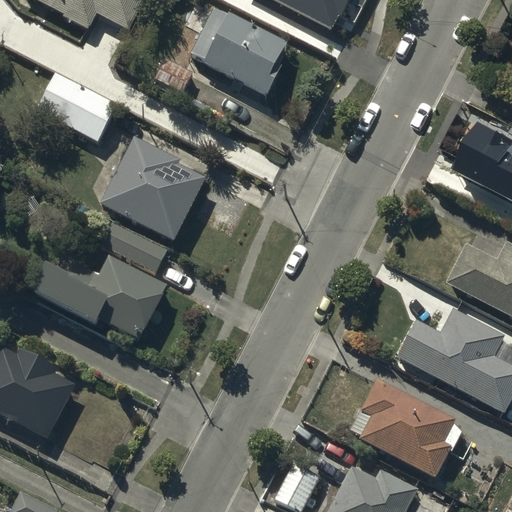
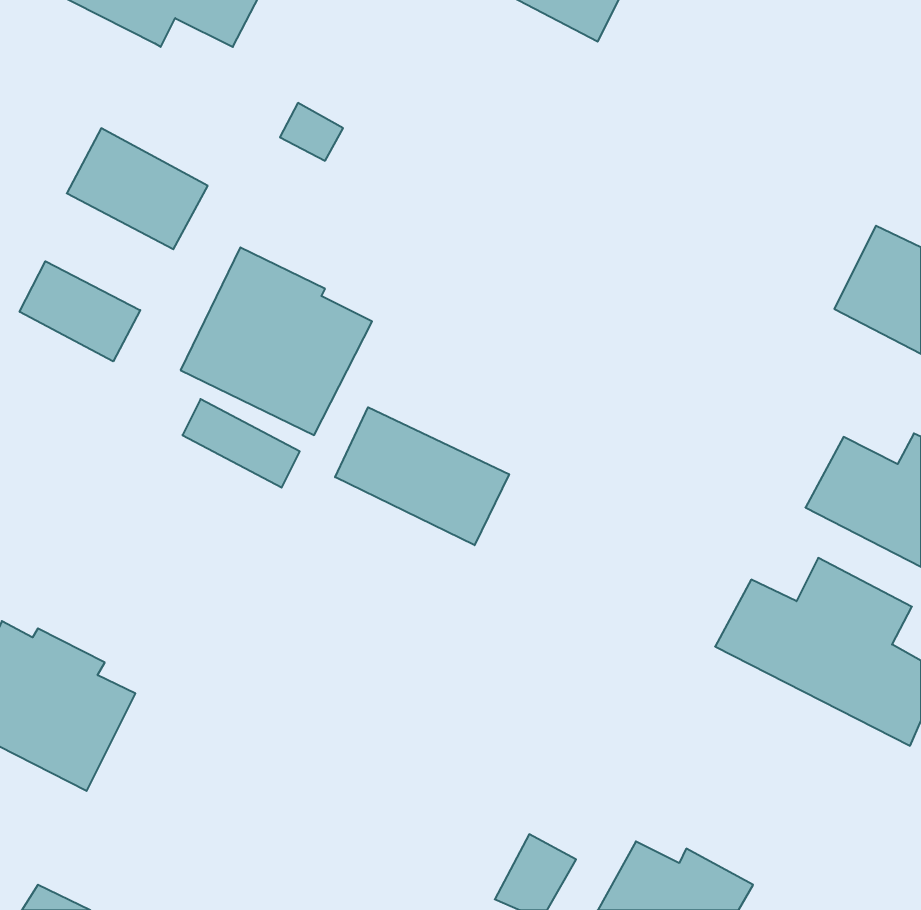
building: [191,6,288,94] -> none
building: none -> [20,261,140,361]
building: none -> [335,407,509,545]
building: [32,256,166,339] -> none
building: [359,377,456,477] -> none

